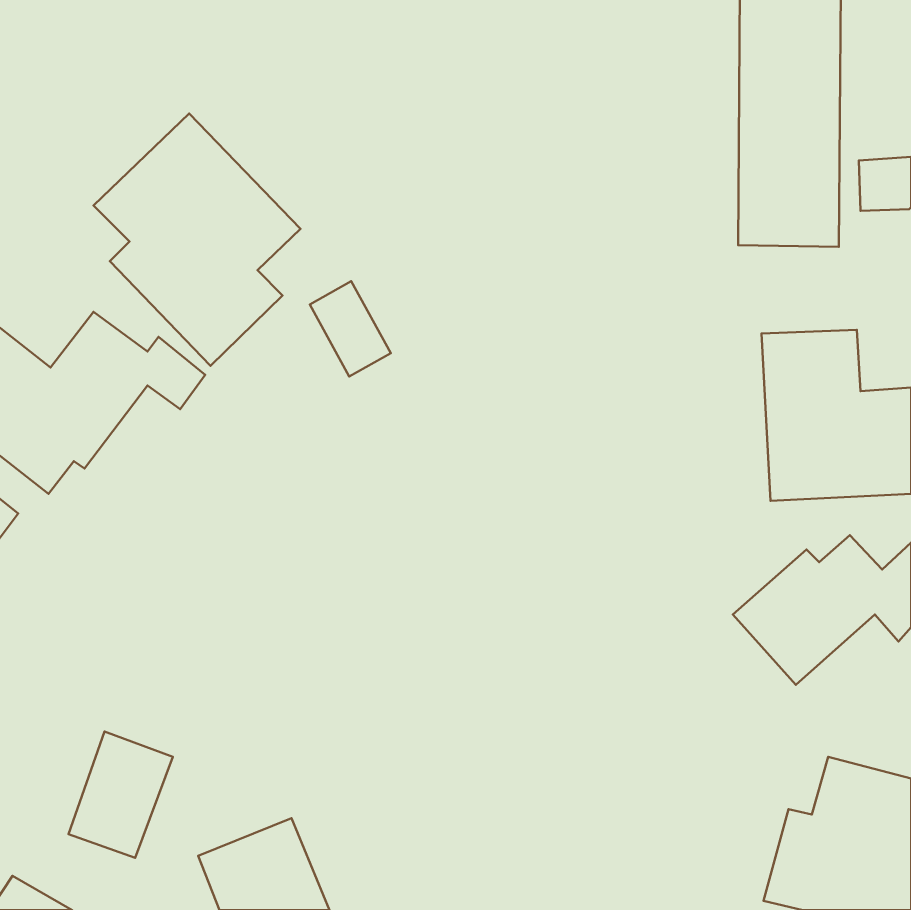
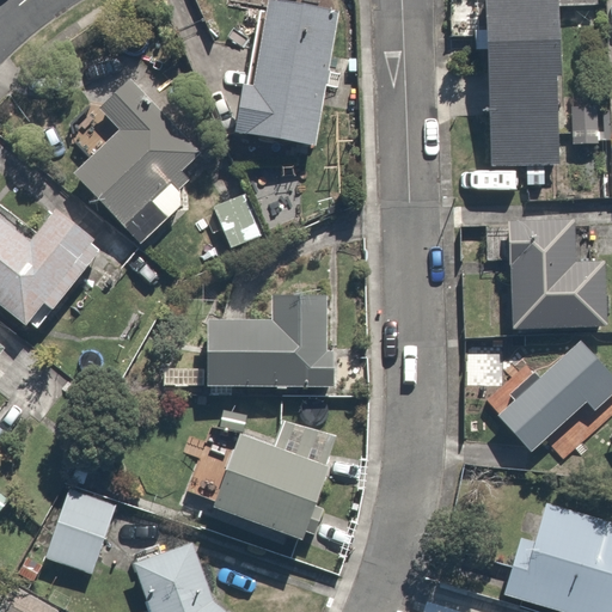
building: none -> [239,8,336,145]
building: none -> [209,294,335,391]
building: none -> [219,437,337,543]

